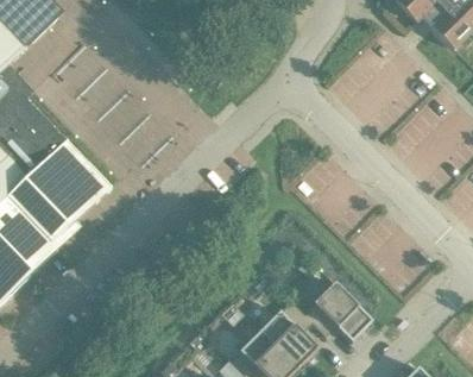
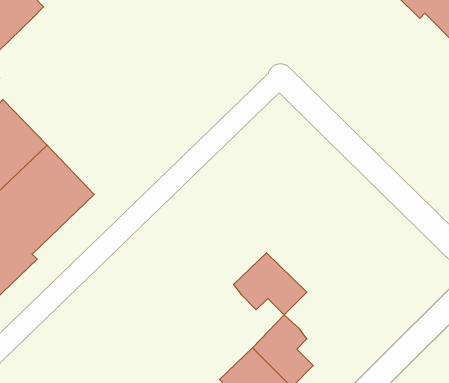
building: [304,282,373,340] -> [234,253,307,315]

